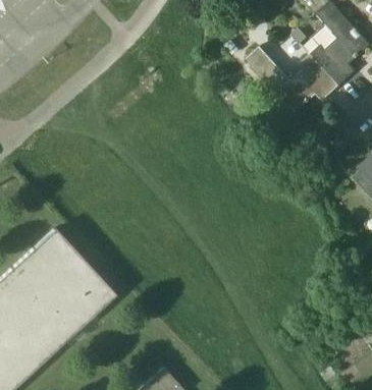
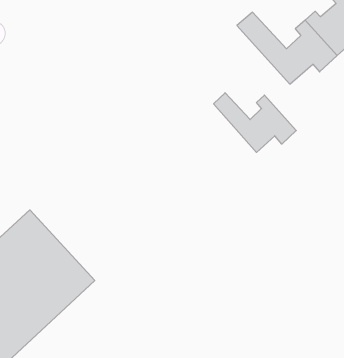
building: none -> [214,93,296,152]

